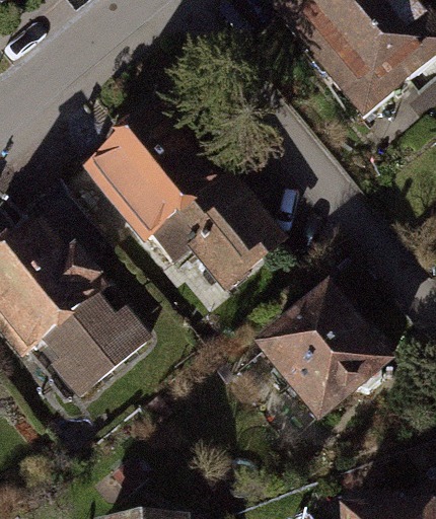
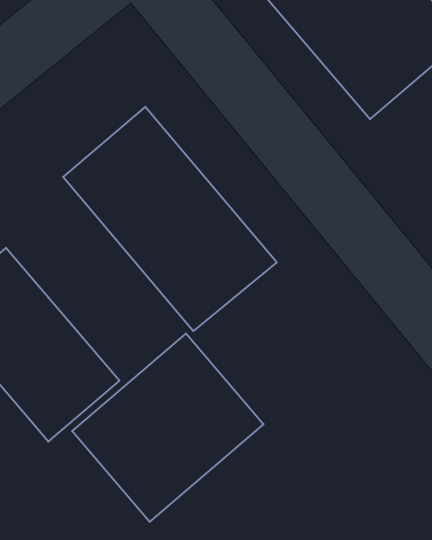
building: [260,289,394,425] -> none
building: none -> [72,333,264,522]

